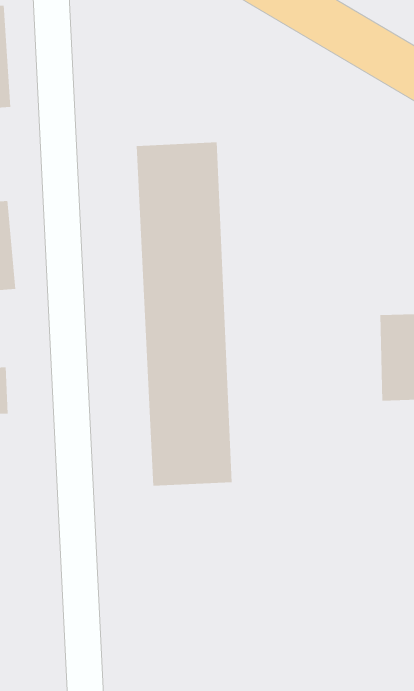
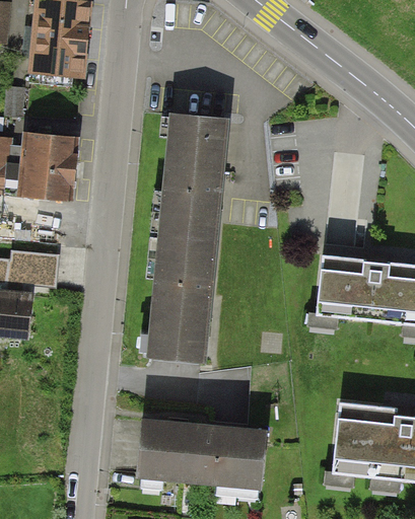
building: none -> [136,421,271,487]

